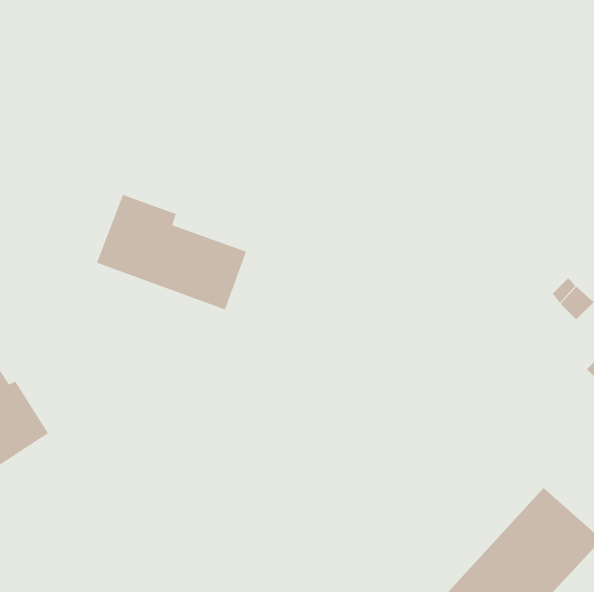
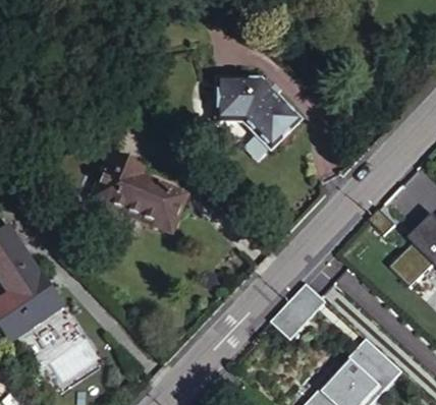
building: none -> [215,79,302,152]
building: none -> [272,282,327,338]

